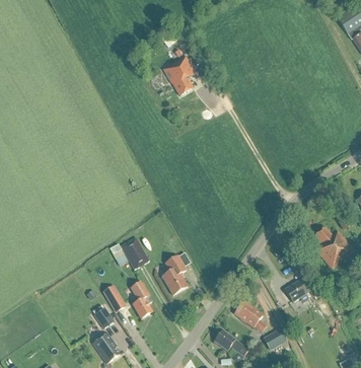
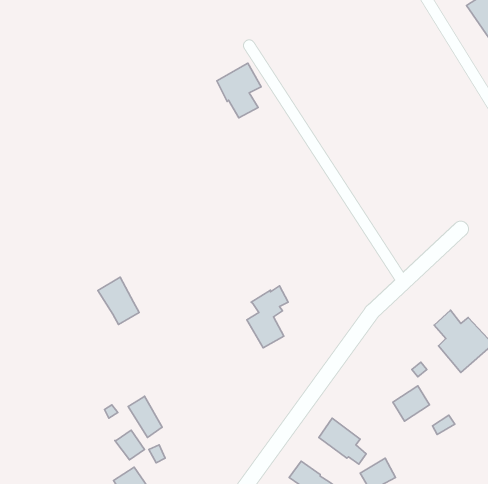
building: [121,237,149,270] -> [98,277,139,324]
building: [162,252,191,295] -> [247,286,288,348]
building: [130,281,153,318] -> none

